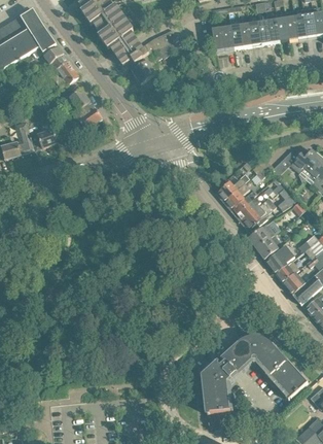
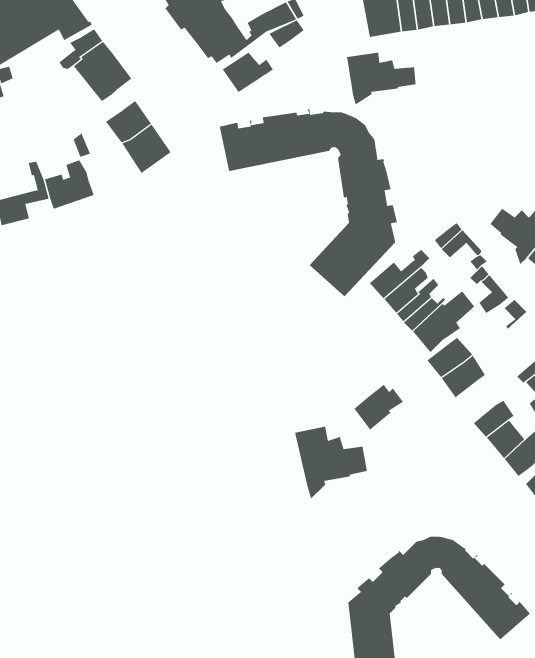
building: none -> [347,52,416,106]
building: none -> [219,109,397,297]
building: [265,245,294,272] -> [354,384,404,431]
building: none -> [295,426,367,500]

